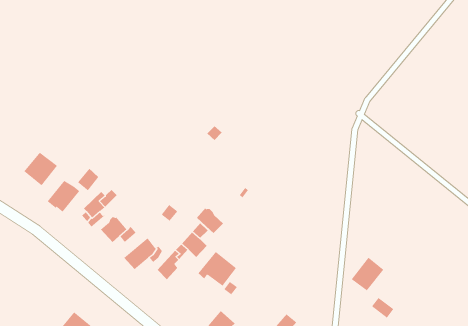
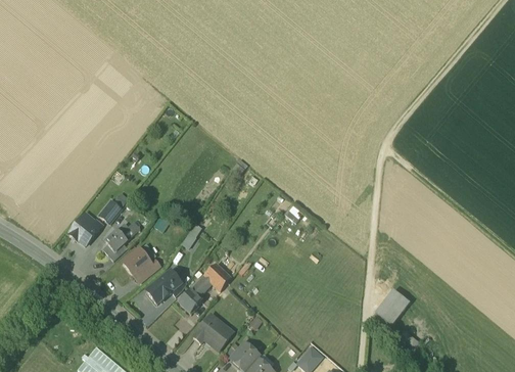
building: [24,152,58,186] -> none
building: [196,207,224,234] -> none
building: [197,251,237,286] -> [193,314,233,350]

